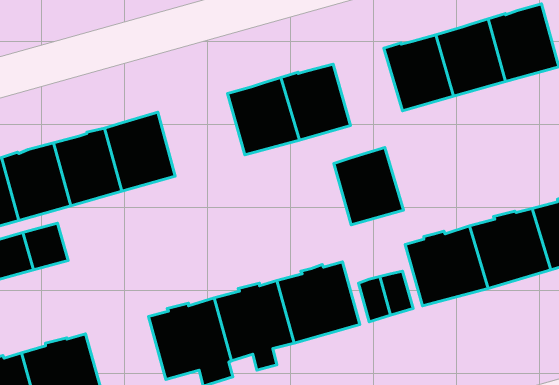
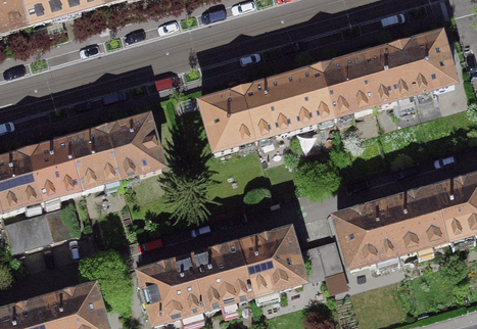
building: [334,147,403,225] -> [282,67,335,127]

